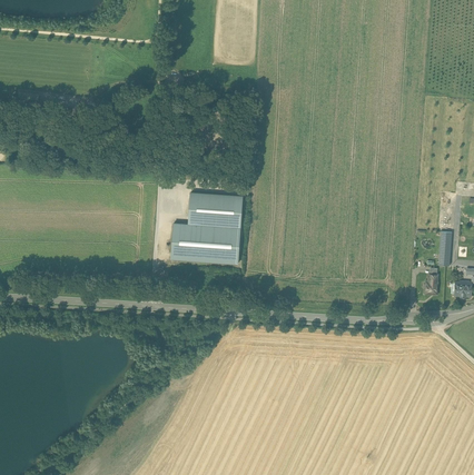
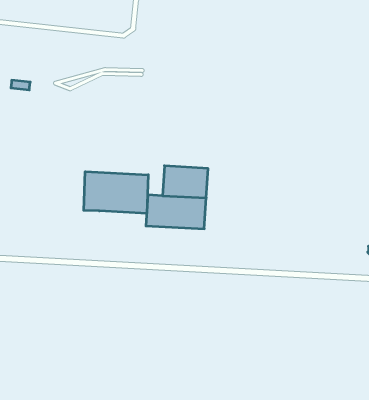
building: none -> [84,172,148,214]

